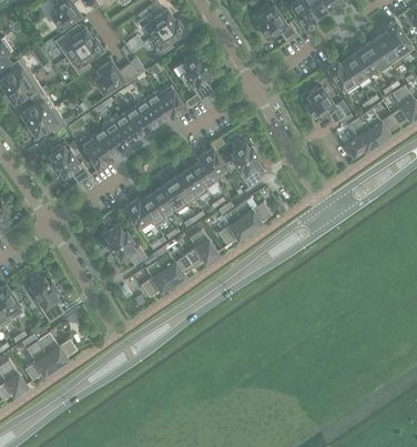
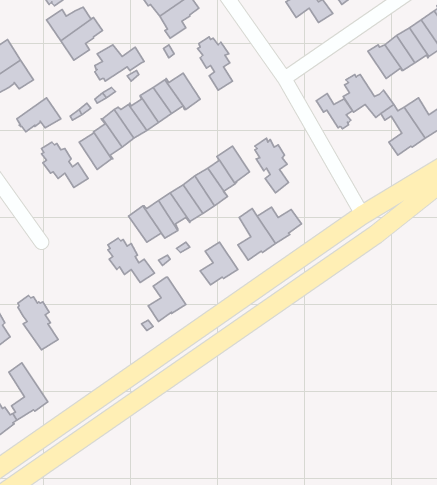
building: [20,91,53,124] -> none
building: none -> [316,93,353,129]
building: [151,245,193,283] -> none
building: [37,332,77,366] -> none

